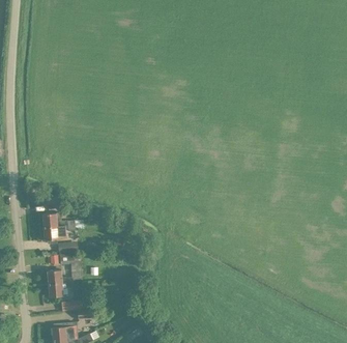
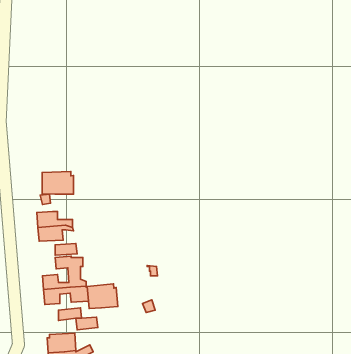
building: none -> [42,172,74,194]
building: none -> [87,284,118,308]

